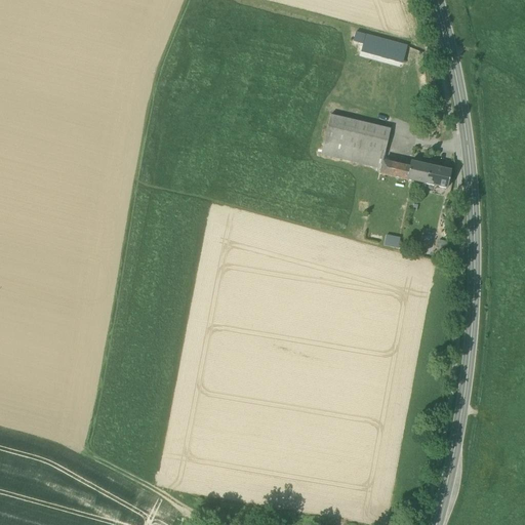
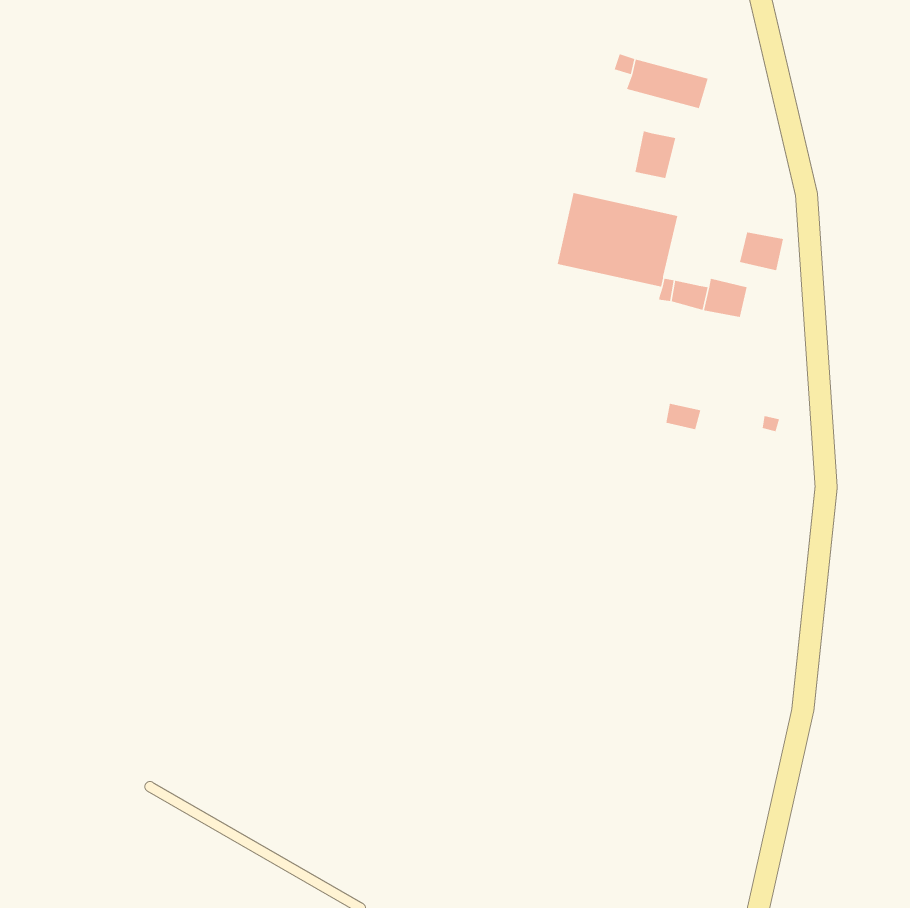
building: none -> [635,131,676,179]
building: [427,165,452,188] -> [739,232,784,271]

